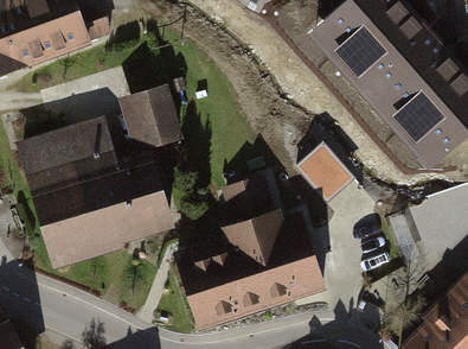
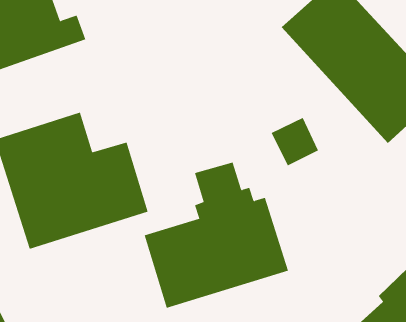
building: [122,88,182,151] -> none

